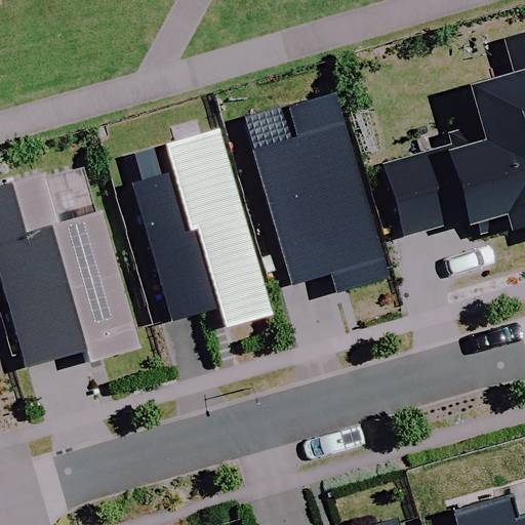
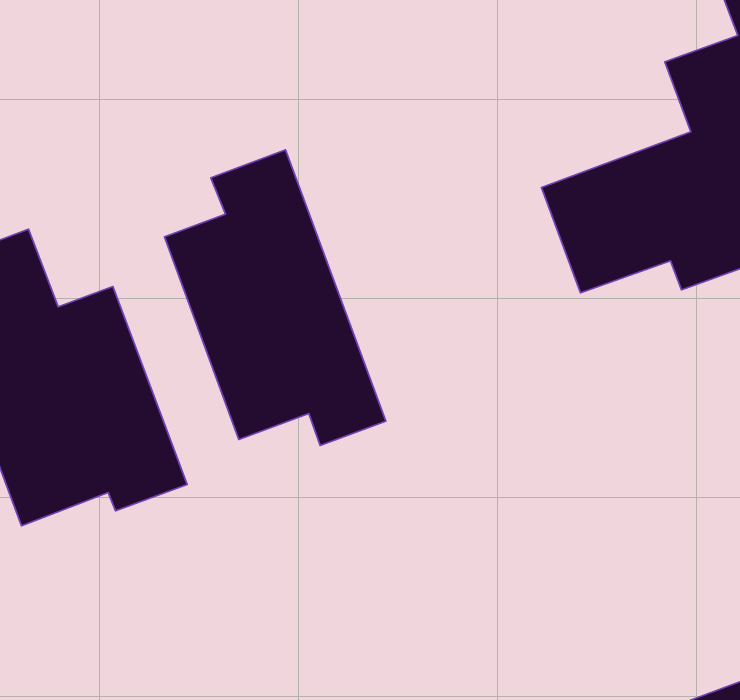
building: [243,93,388,290] -> none

